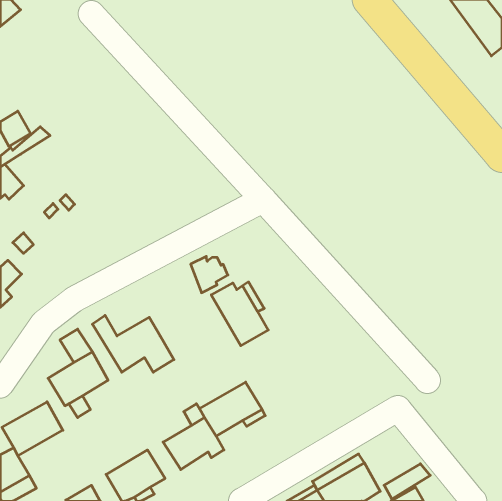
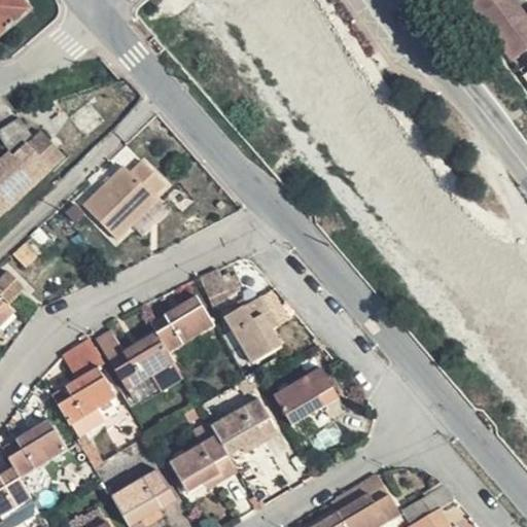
building: none -> [5,142,65,195]
building: none -> [83,162,164,239]
building: none -> [151,297,212,352]
building: none -> [274,367,338,424]

